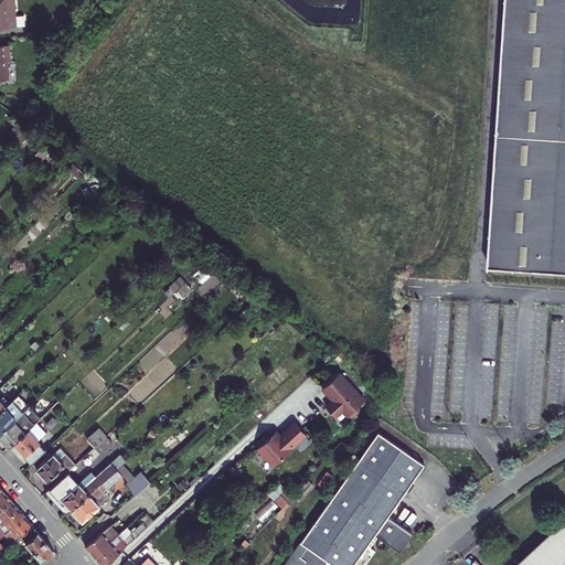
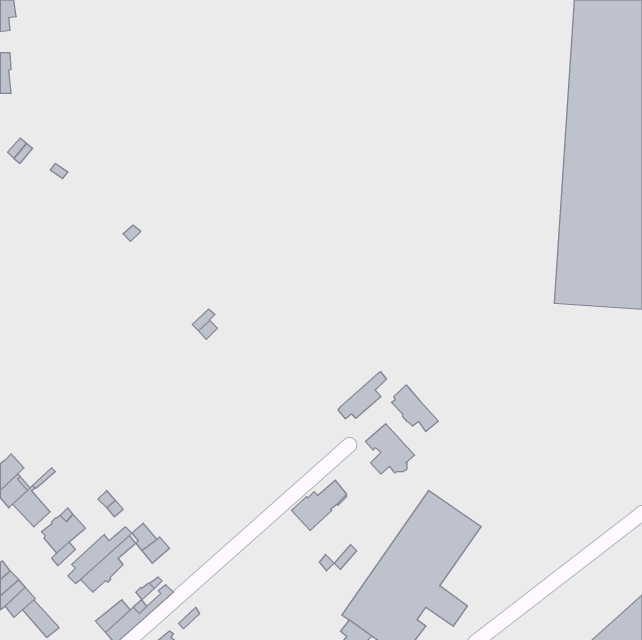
building: none -> [338,372,387,419]
building: none -> [391,385,438,432]

